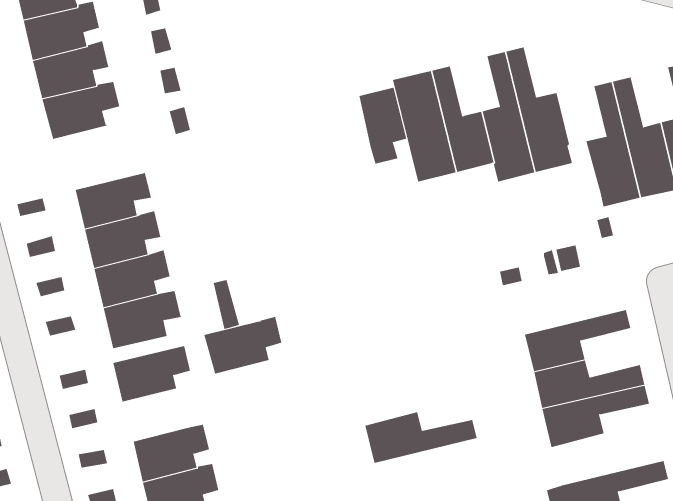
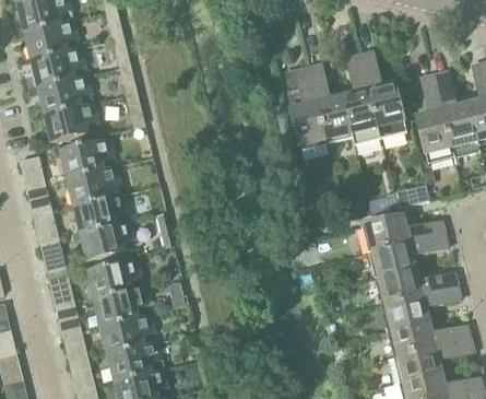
building: [359,87,407,164] -> none
building: none -> [45,102,98,142]
building: none -> [366,214,443,250]
building: [203,316,282,374] -> [93,284,147,325]
building: [364,411,478,463] -> [391,319,470,355]

